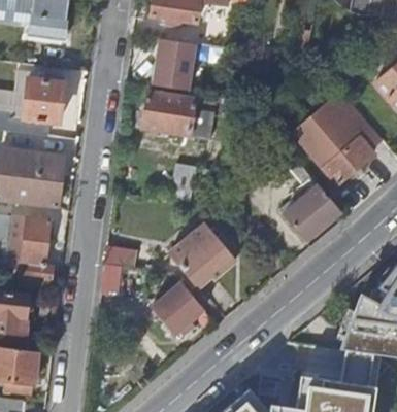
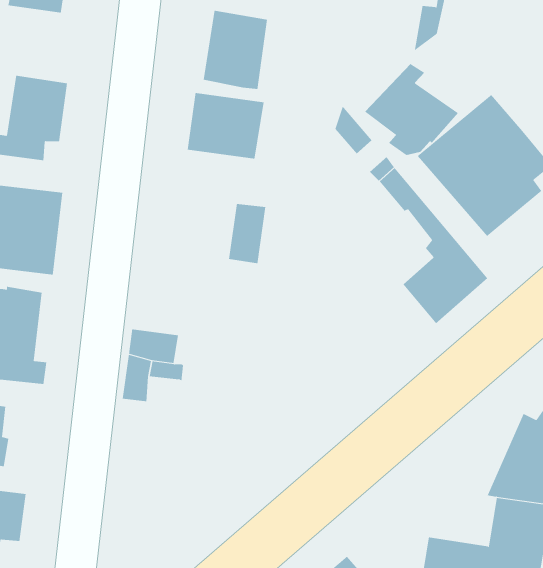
building: none -> [364,63,459,156]
building: [168,220,234,284] -> none
building: [151,281,204,333] -> none

